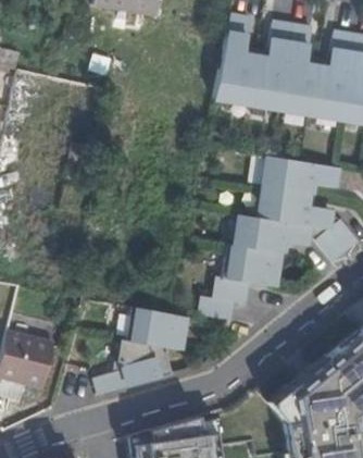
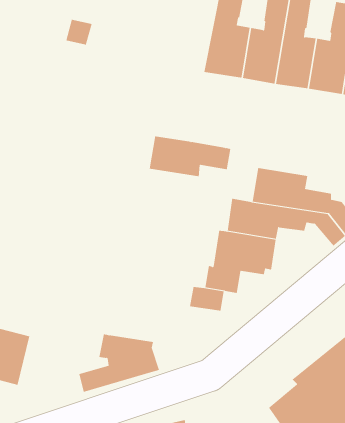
building: [263,156,339,194] -> [149,136,231,177]
building: [126,306,186,349] -> none

